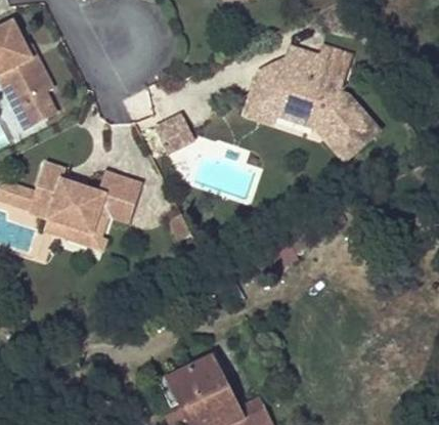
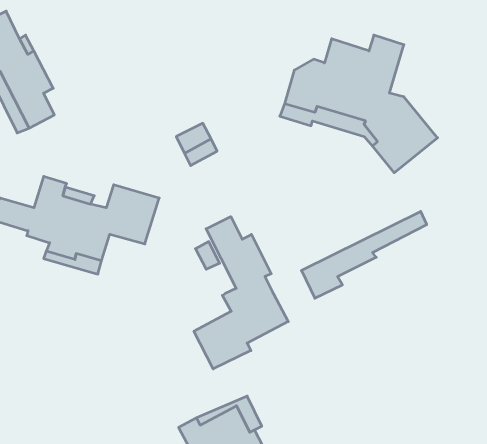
building: none -> [194,217,288,369]

